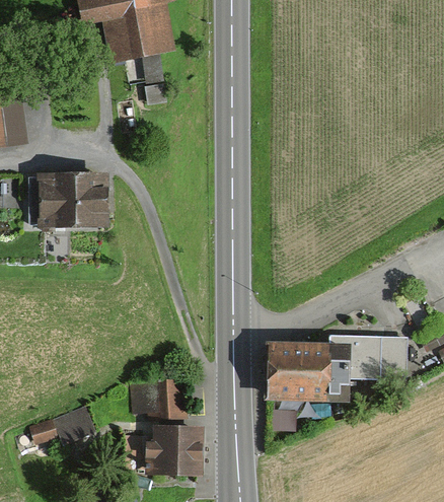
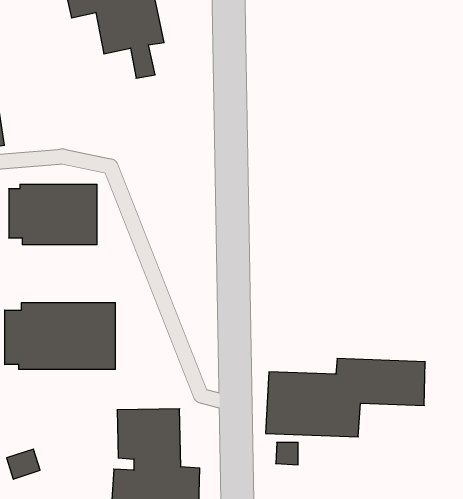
building: none -> [5,303,115,369]
building: [55,405,96,444] -> none

